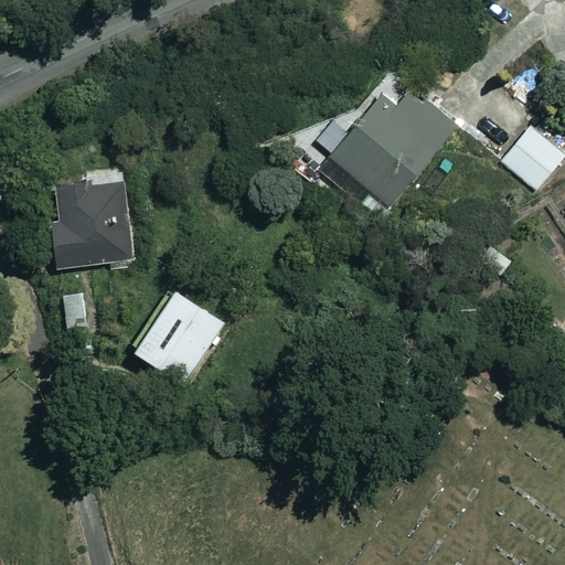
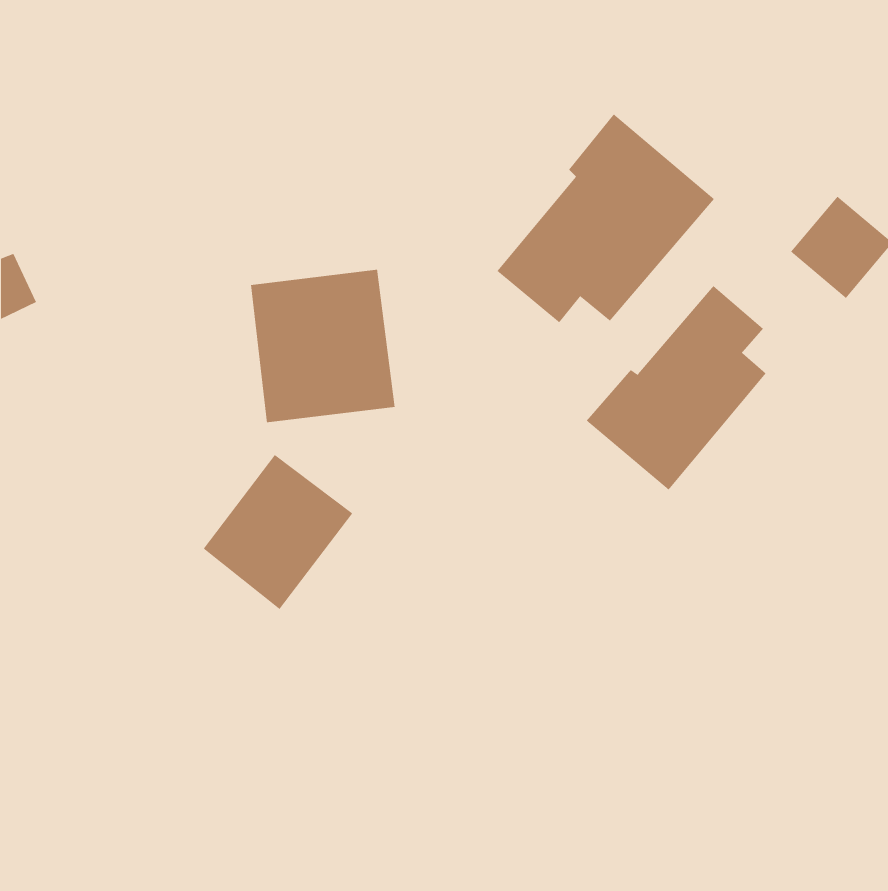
building: [47,177,139,274] -> [250,269,395,423]
building: none -> [586,285,766,490]

